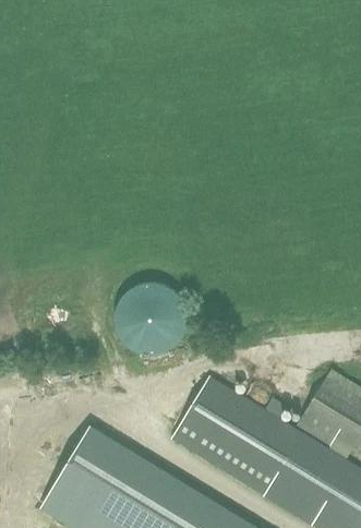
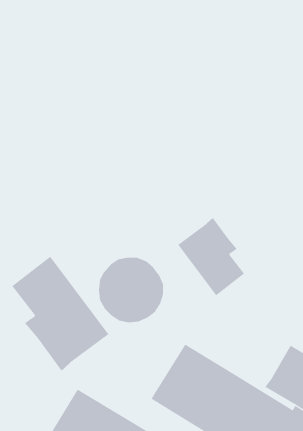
building: none -> [177,217,245,296]
building: none -> [12,256,109,372]

